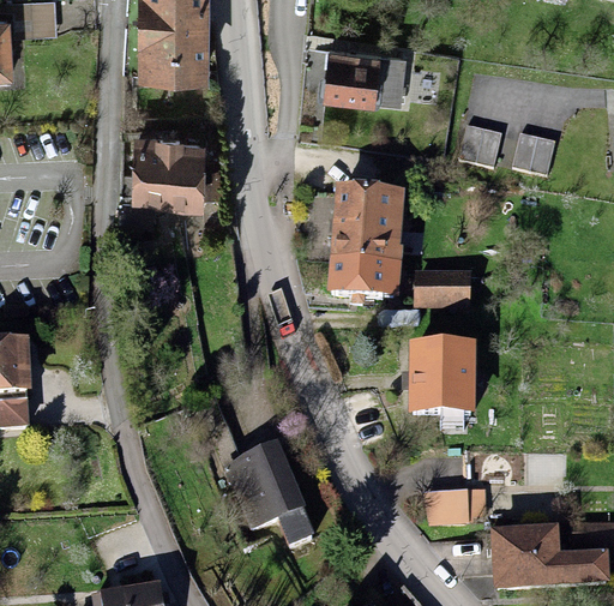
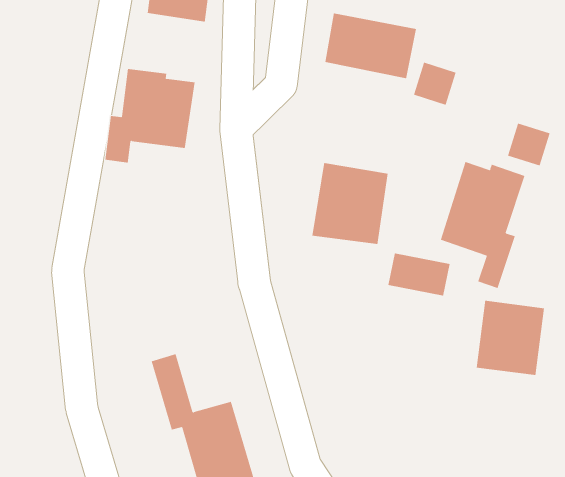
building: [459,124,499,163] -> [413,62,457,105]
building: none -> [440,161,525,289]
building: [335,268,401,298] -> none
building: [409,349,469,416] -> [476,300,545,376]

